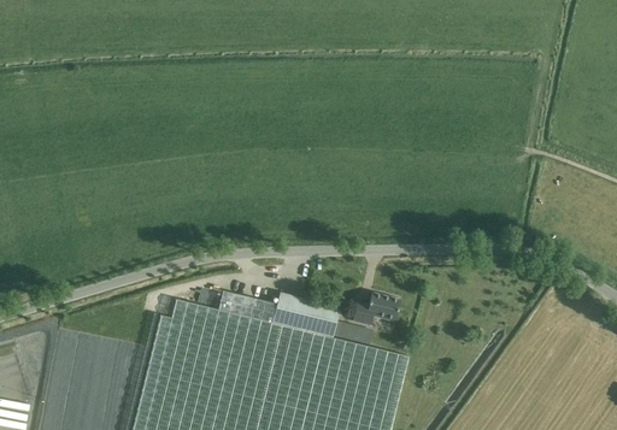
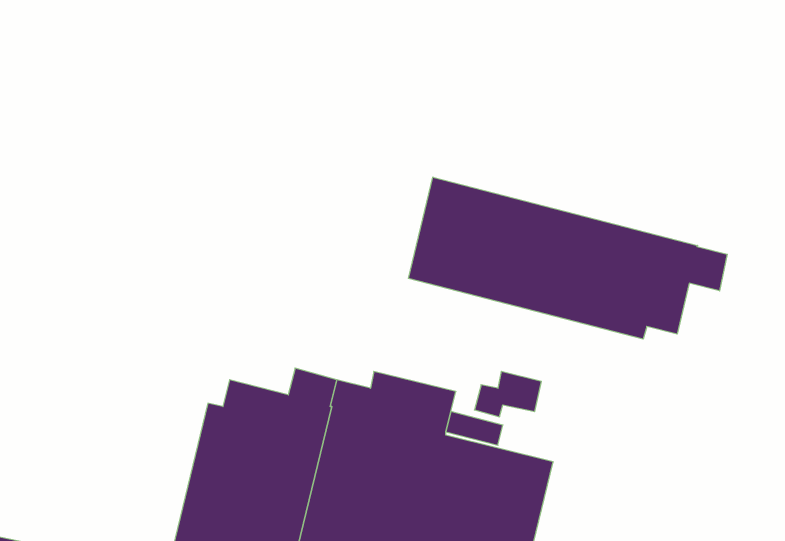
building: none -> [409,177,727,339]

